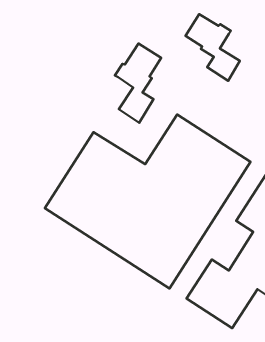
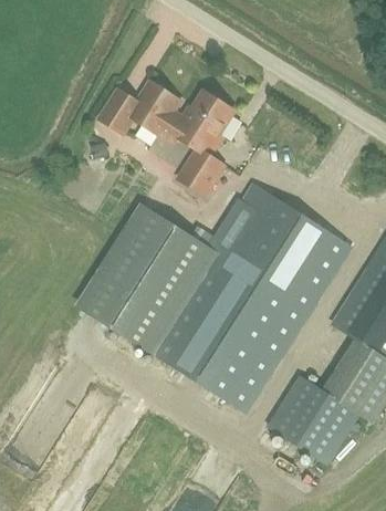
building: [186,14,240,81] -> none
building: none -> [98,82,182,143]

